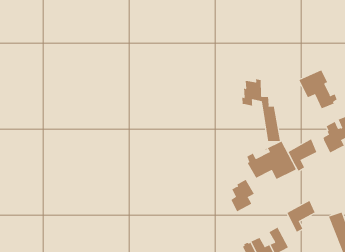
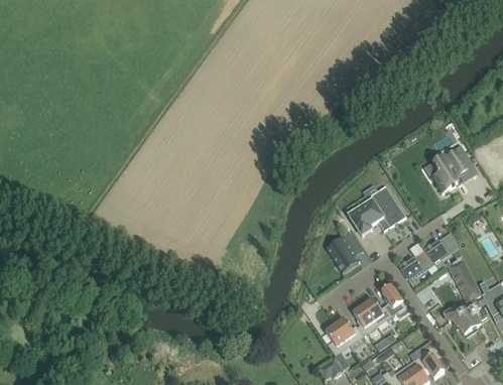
building: [299,69,338,109] -> none
building: [242,77,281,142] -> none
building: [288,138,317,171] -> [424,231,458,270]

